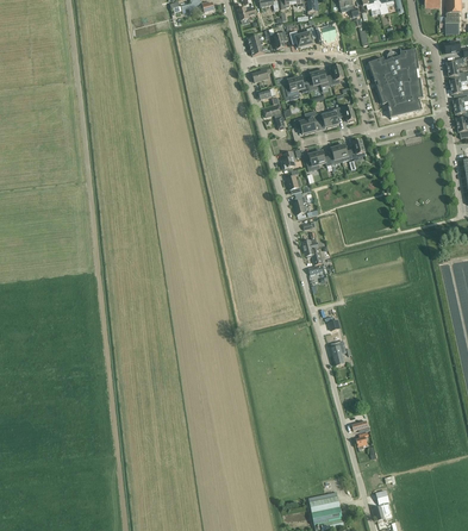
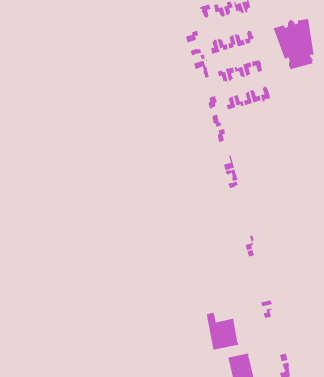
building: none -> [206,312,239,350]

